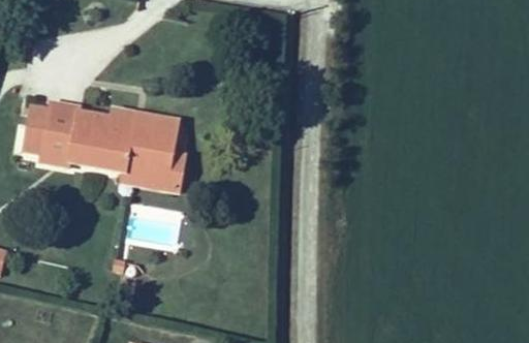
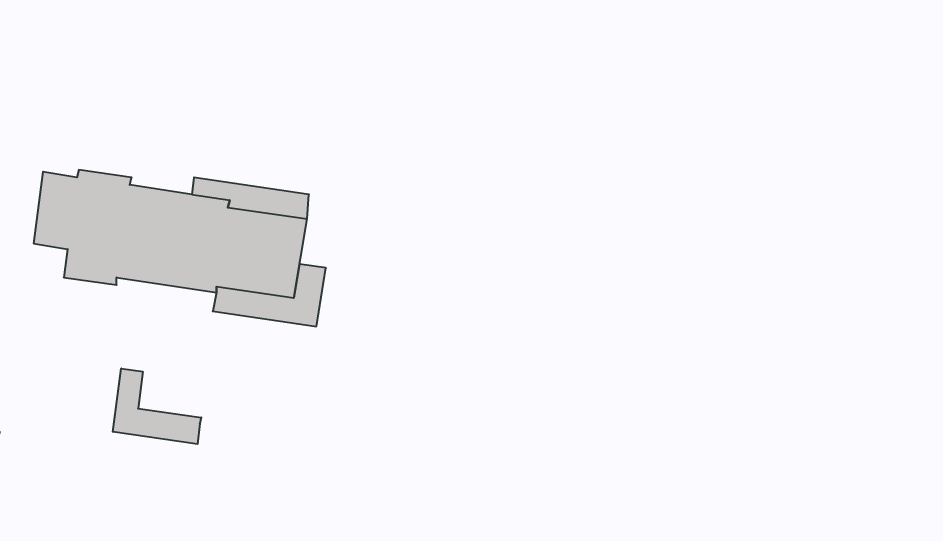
building: none -> [113,368,201,444]

